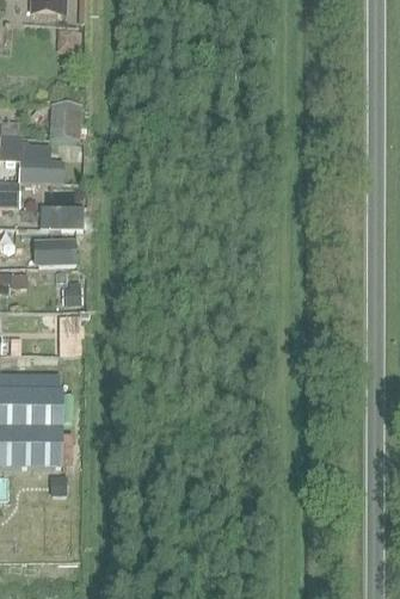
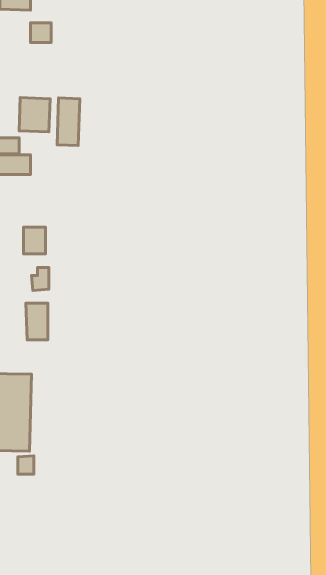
building: none -> [57,98,80,145]
building: [38,203,81,227] -> none

